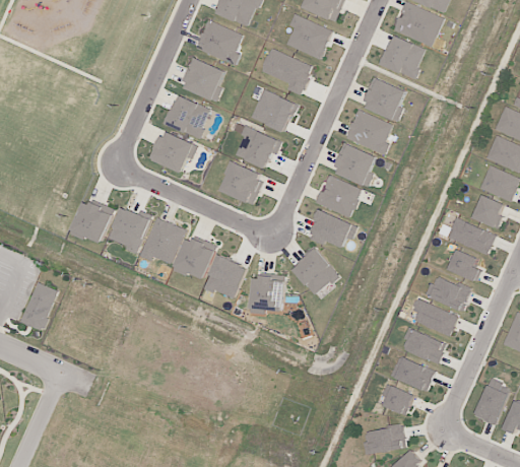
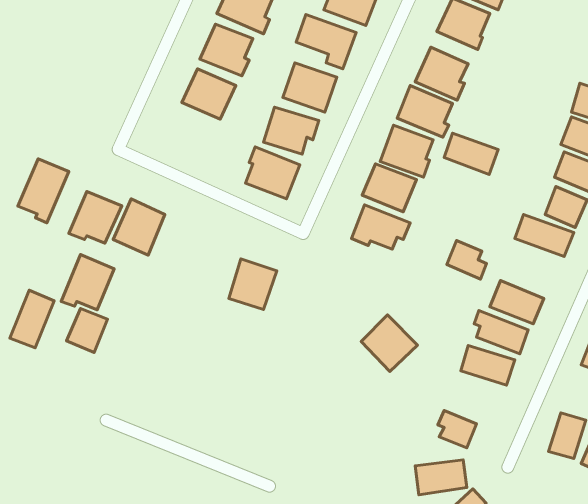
building: [148,130,197,174] -> none
building: none -> [444,133,498,175]
building: none -> [18,159,69,223]
building: [139,217,184,264] -> [61,255,114,310]
building: [172,236,215,279] -> none
building: [290,249,338,296] -> [361,315,418,372]
building: [447,250,480,282] -> [447,240,487,279]
building: [250,275,283,313] -> none
building: none -> [66,309,107,352]
building: [389,355,435,392] -> none

